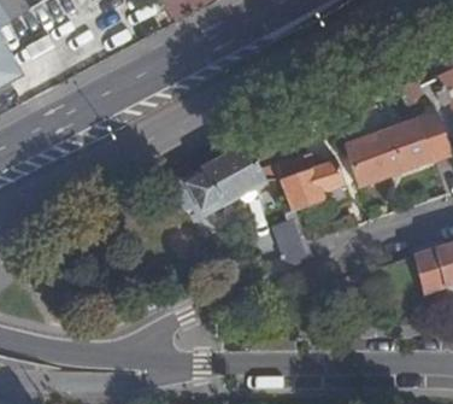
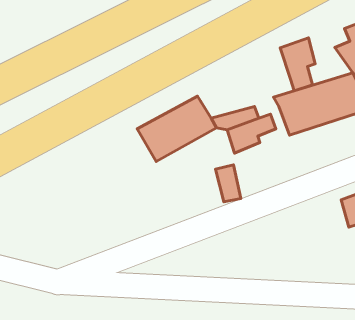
building: none -> [280,38,315,91]

